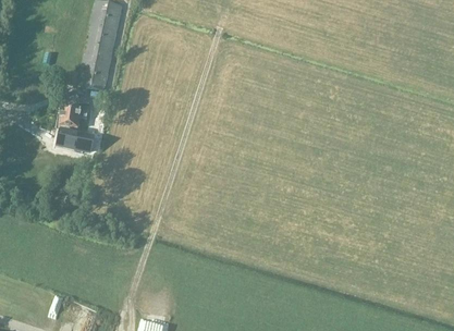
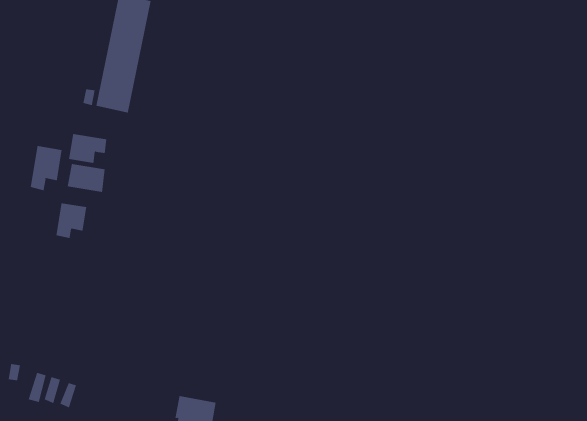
building: none -> [30,145,62,191]
building: none -> [56,202,87,239]

